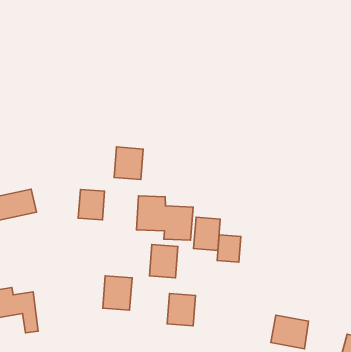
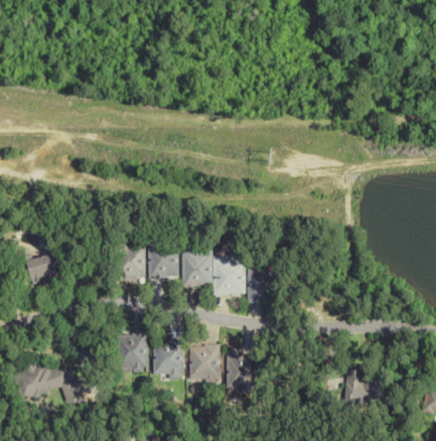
building: [114,147,143,179] -> [149,245,179,279]
building: [217,235,241,262] -> none
building: [150,245,178,278] -> [189,346,219,382]
building: none -> [117,334,147,373]

